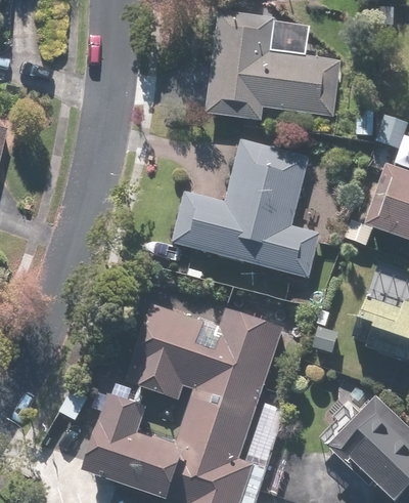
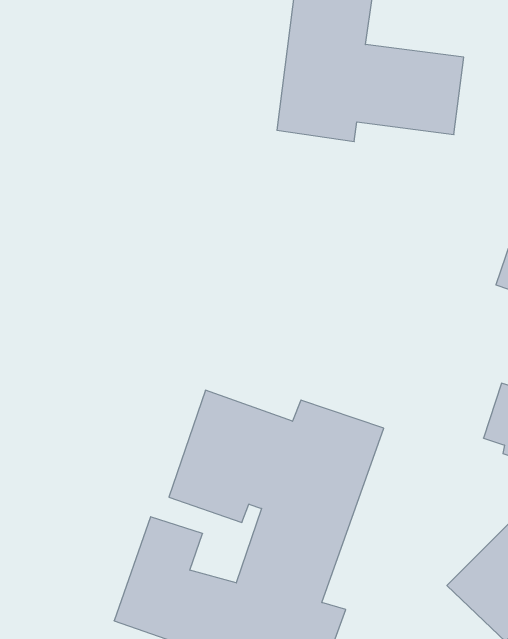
building: [171,137,321,279] -> none

